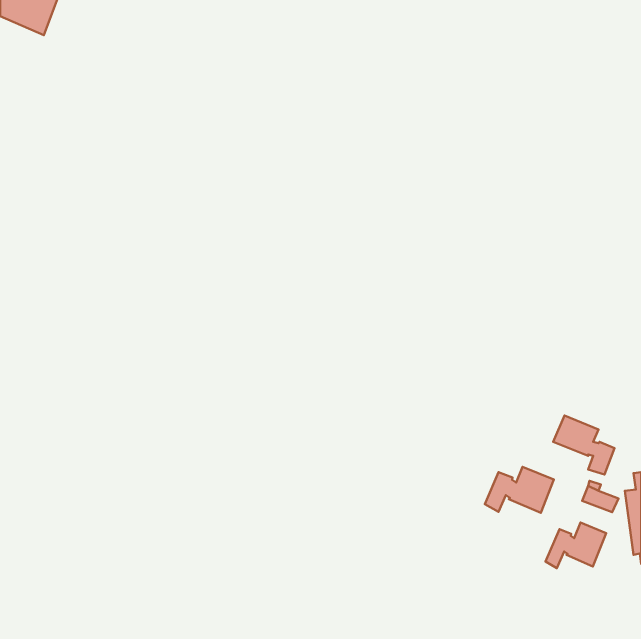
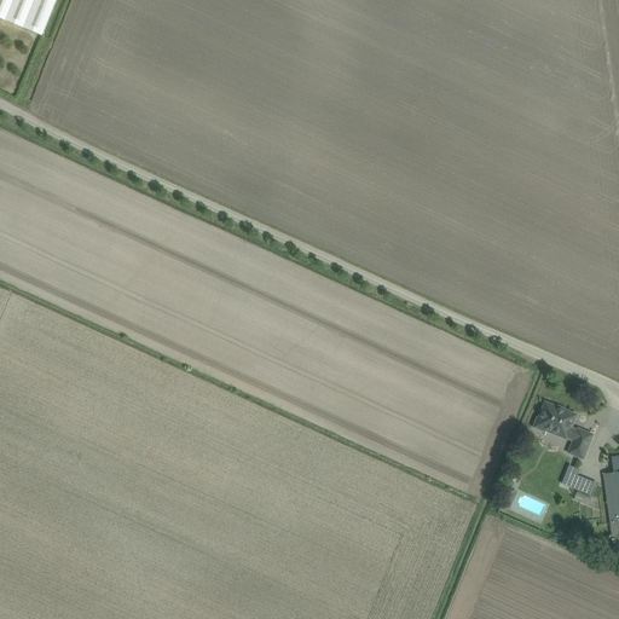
building: [485,467,554,513] -> none
building: [546,523,606,568] -> none

